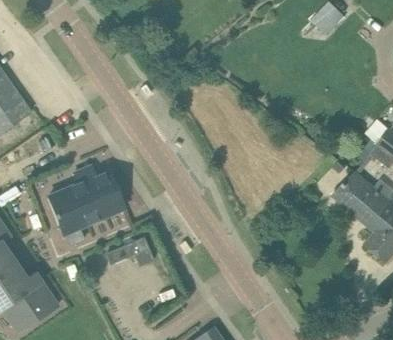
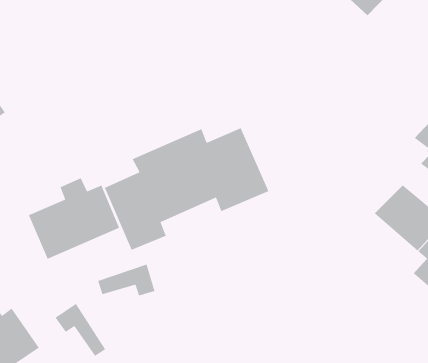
building: none -> [104,127,270,251]
building: none -> [55,303,106,357]

